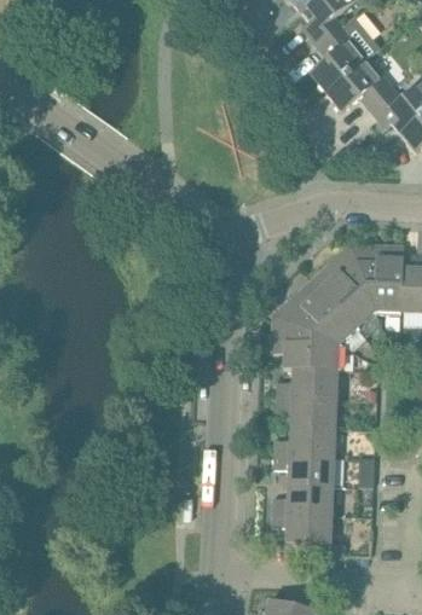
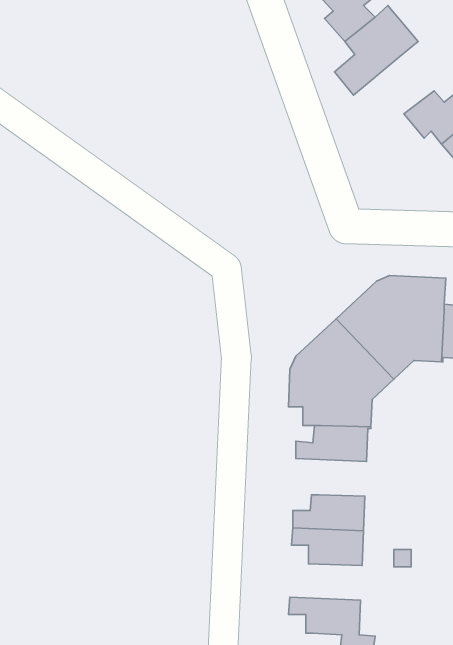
building: [325,57,393,112] -> none
building: [276,396,336,428] -> none
building: [272,485,333,515] -> none

